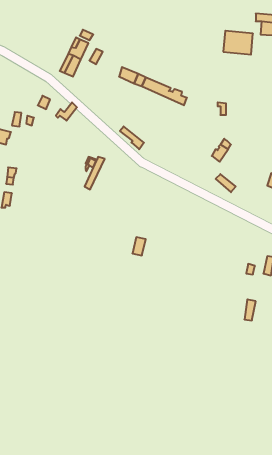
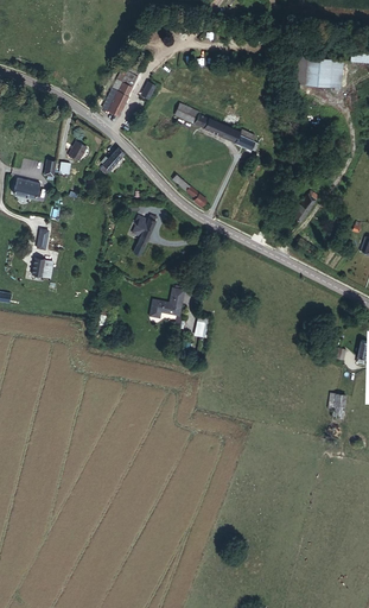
building: none -> [149,287,183,327]

